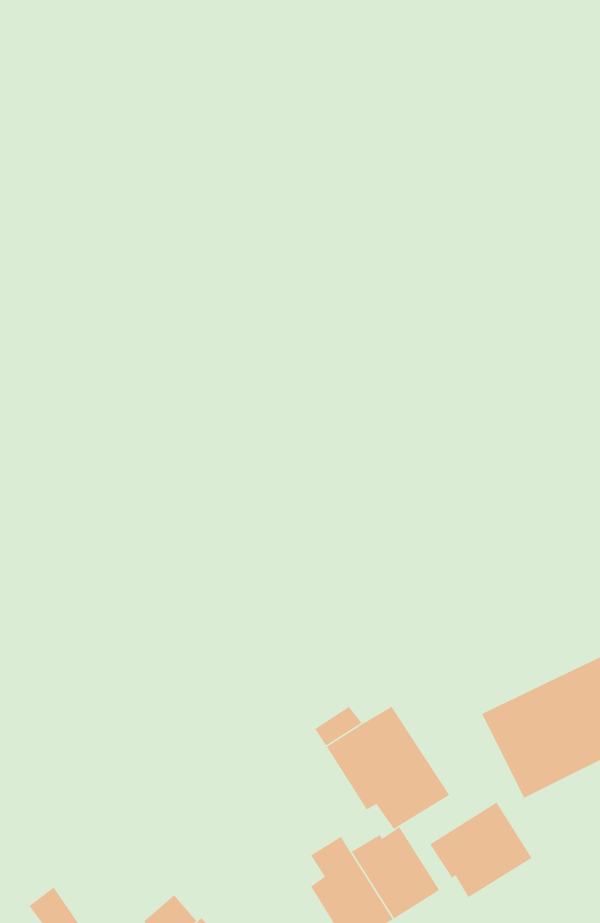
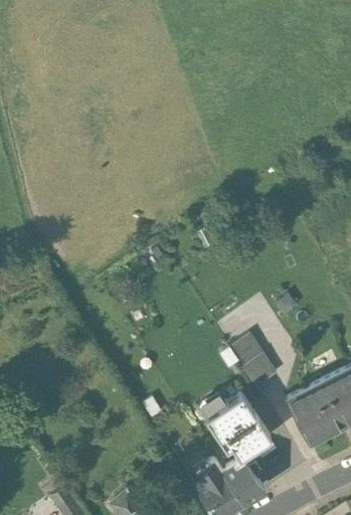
building: none -> [230,337,275,386]
building: [429,802,533,898] -> none

